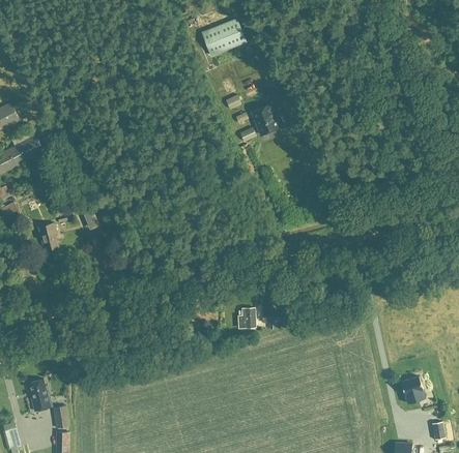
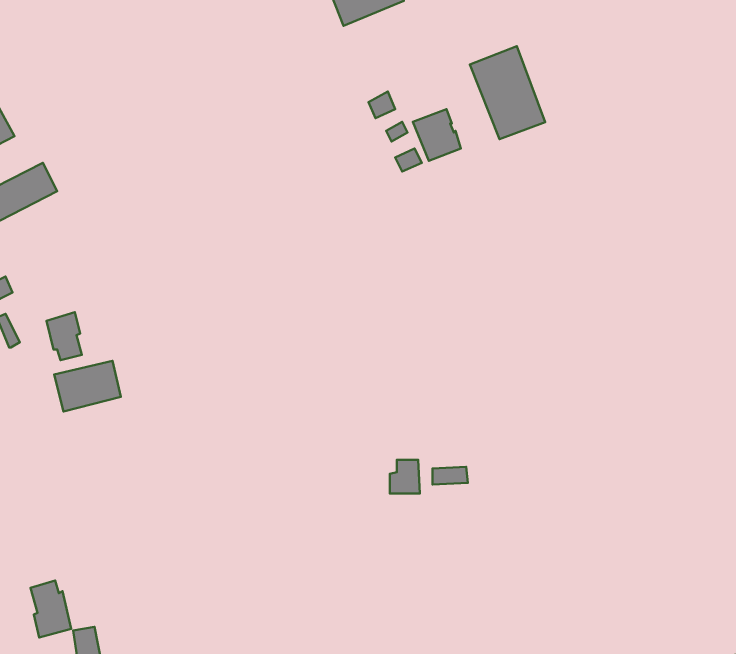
building: none -> [470,46,545,139]
building: none -> [54,361,121,412]
building: [400,374,425,402] -> none

